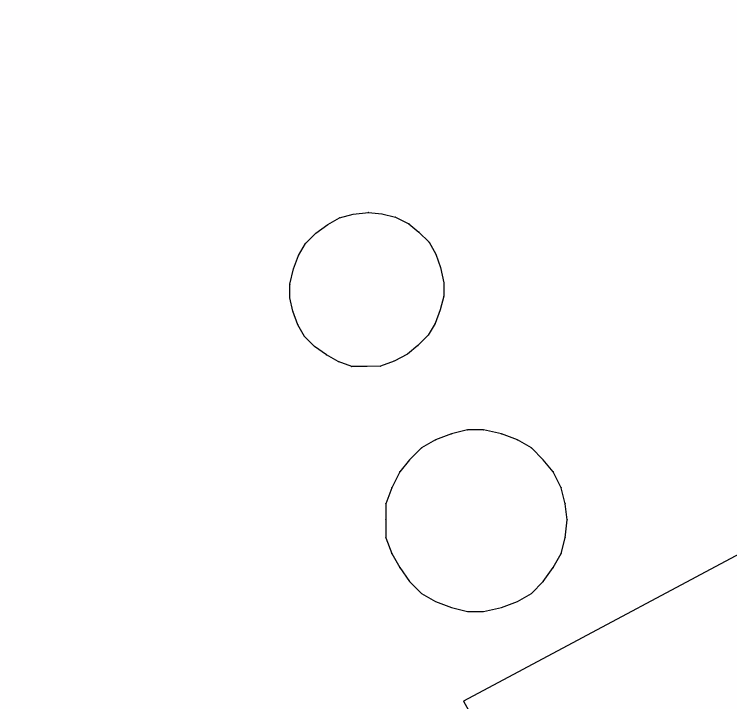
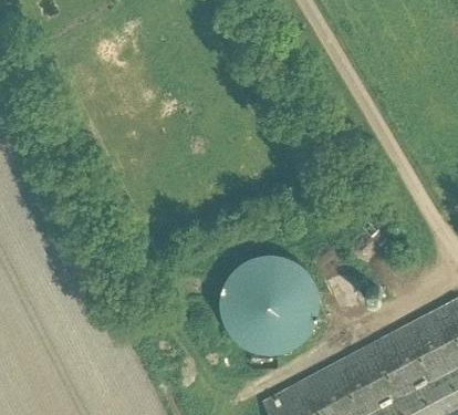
building: [290,212,444,367] -> none

